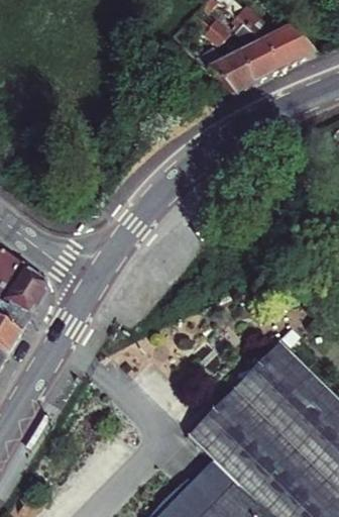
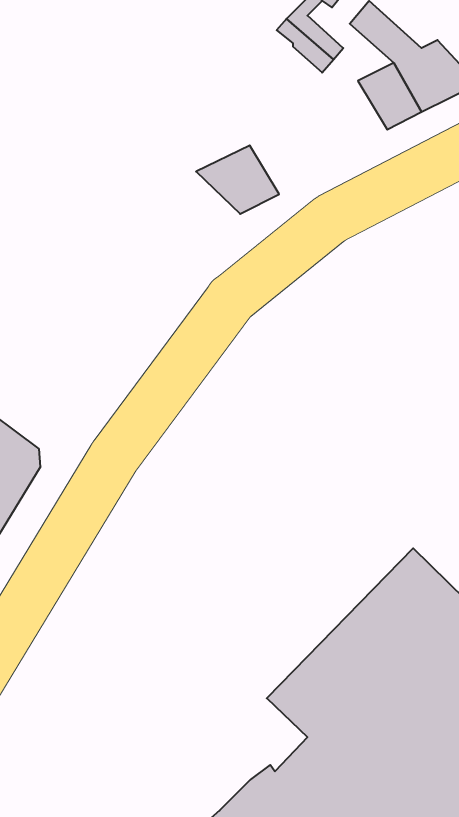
building: [209,50,260,93] -> [196,145,279,214]

